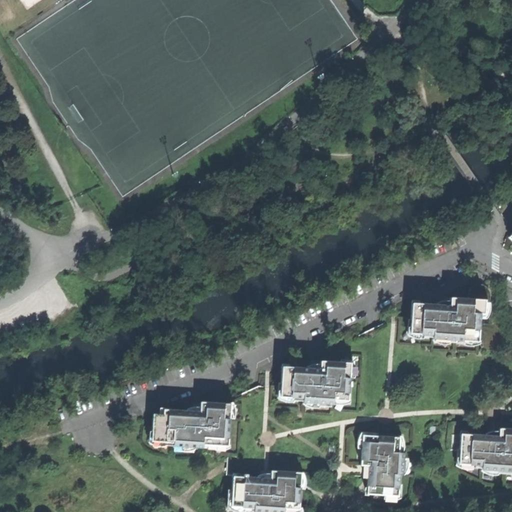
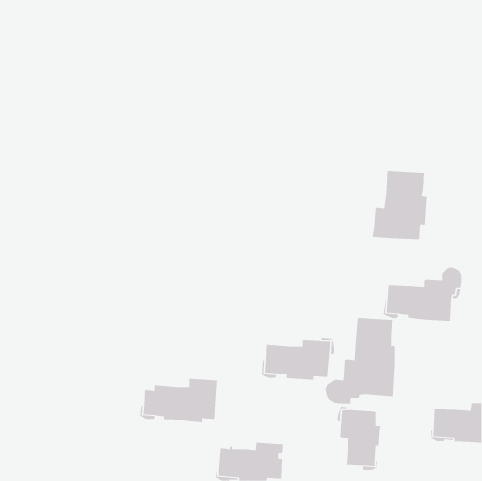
building: none -> [372,170,427,240]
building: none -> [325,317,395,404]

